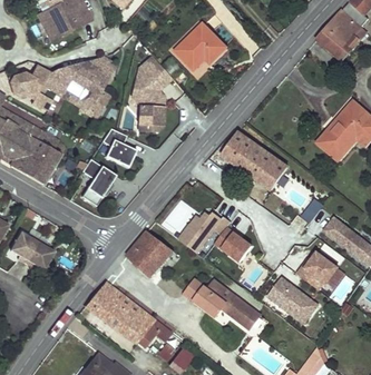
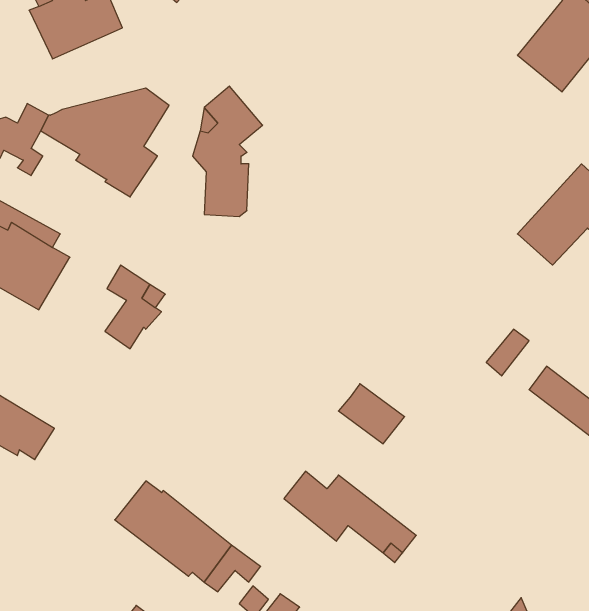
building: [176,22,226,68] -> none
building: [102,128,136,166] -> none
building: [222,130,289,188] -> none
building: [179,211,232,251] -> none
building: [126,229,174,276] -> none
building: [297,251,345,288] -> none
building: [267,276,319,322] -> none

